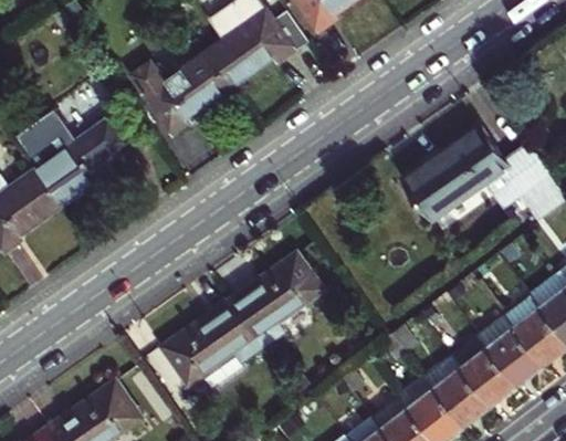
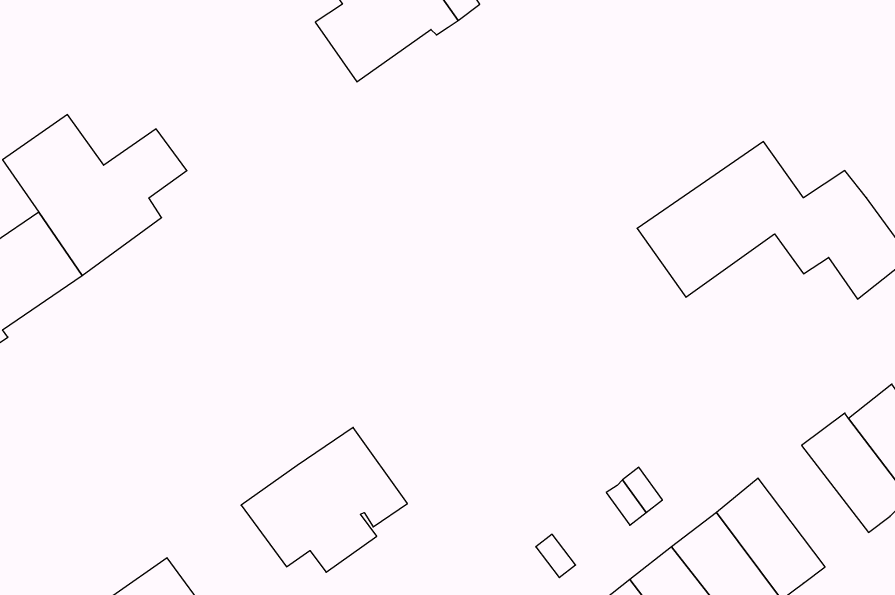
building: [132,52,231,134] -> none
building: [229,251,324,346] -> none
building: [476,311,544,385] -> none

